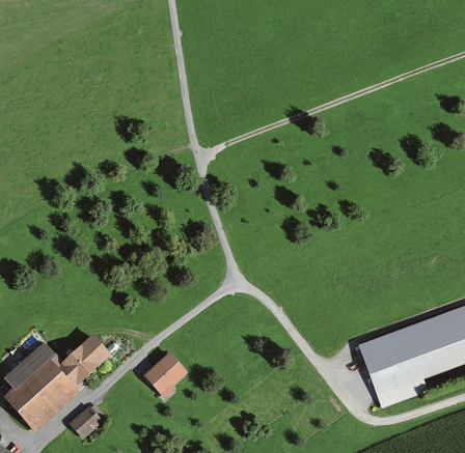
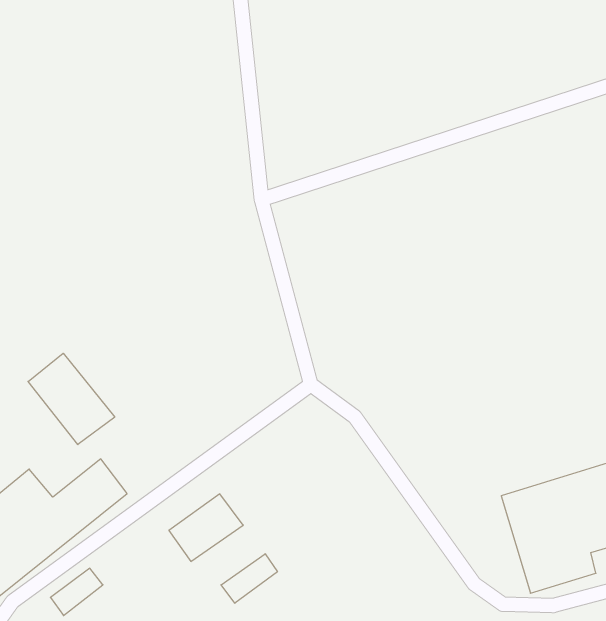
building: none -> [28,353,115,445]
building: none -> [221,554,277,603]

